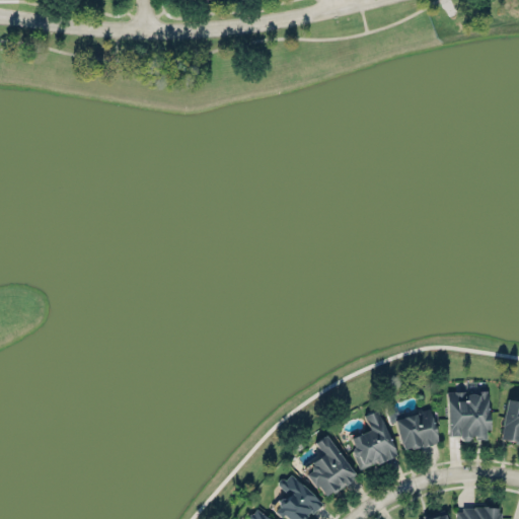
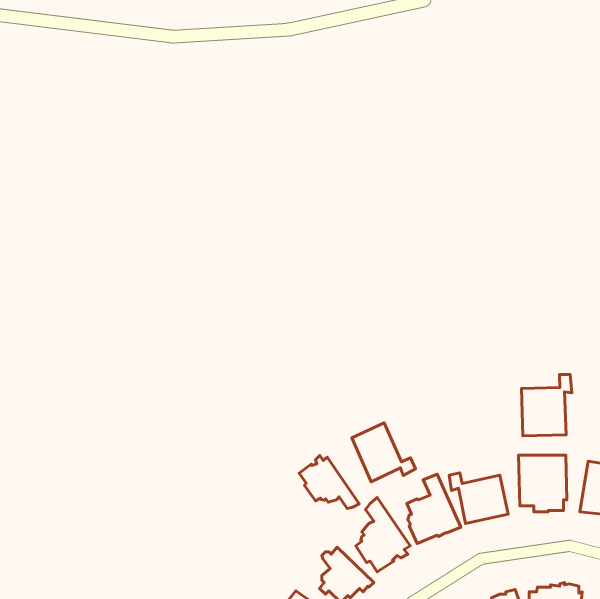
building: none -> [521,374,572,436]
building: none -> [352,423,415,482]
building: none -> [299,456,359,509]

